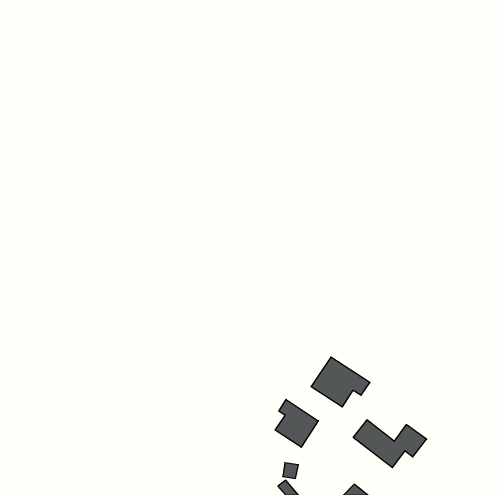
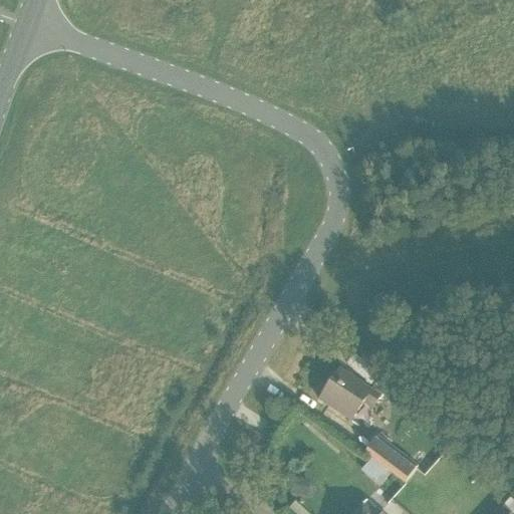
building: [275,399,318,447] -> none

